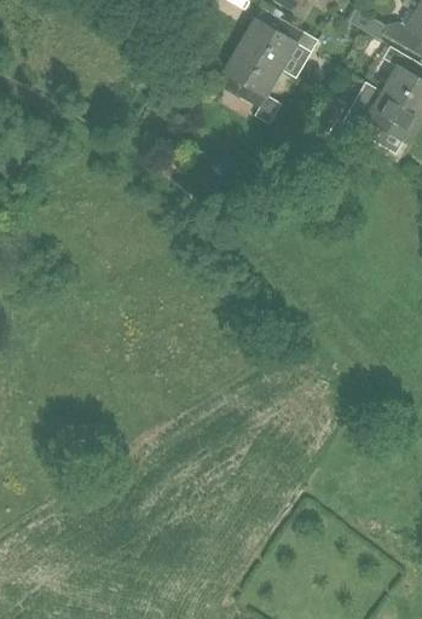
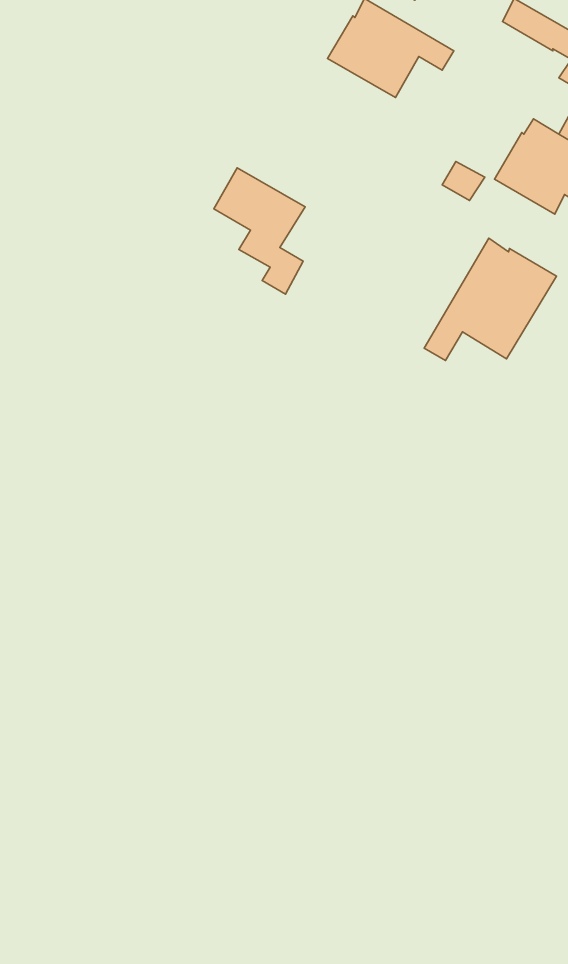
building: [225,45,282,123] -> [214,168,305,294]
building: none -> [424,238,557,361]

